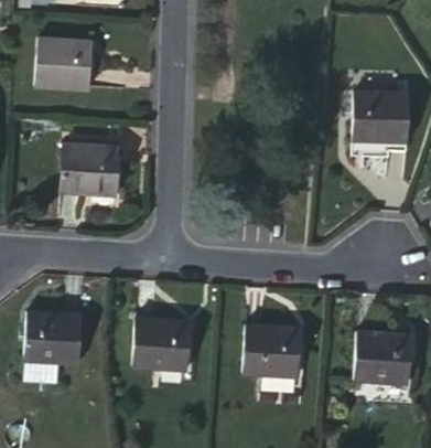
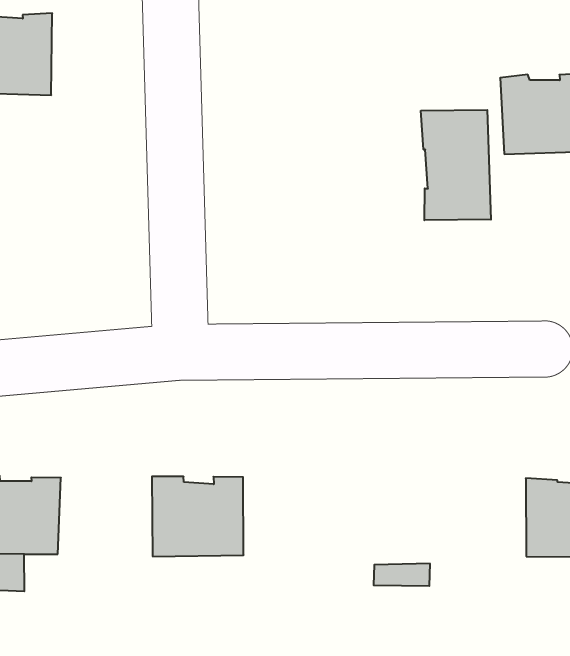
building: none -> [421,110,491,220]
building: [60,143,120,195] -> none
building: [243,327,298,375] -> none

